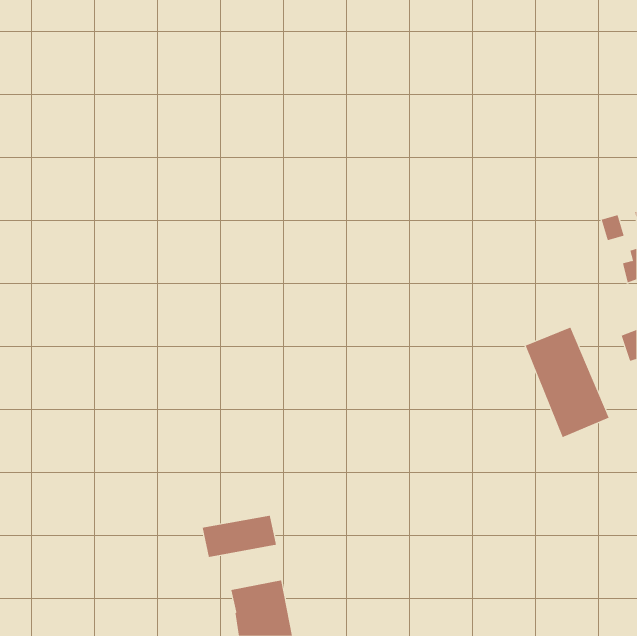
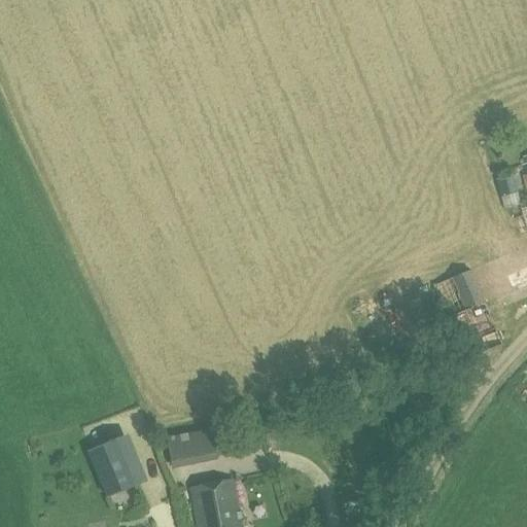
building: none -> [89,433,149,499]

